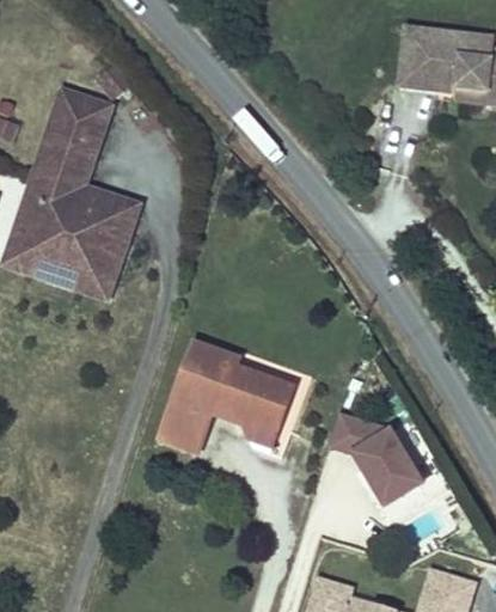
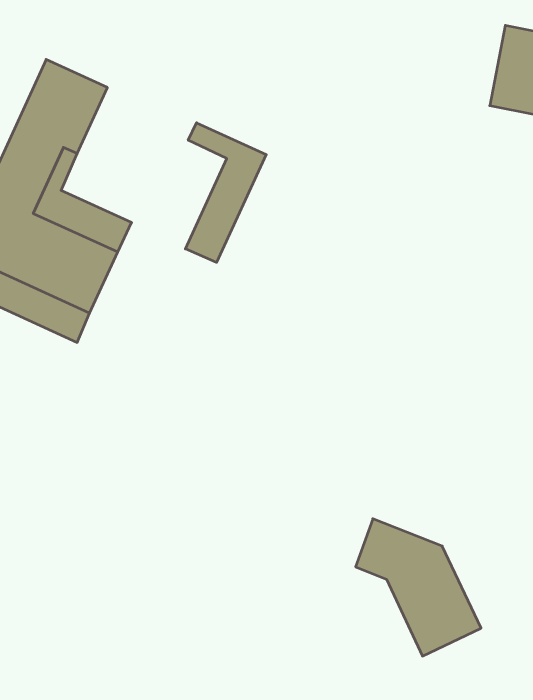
building: none -> [185,123,266,262]
building: [155,335,296,453] -> none

